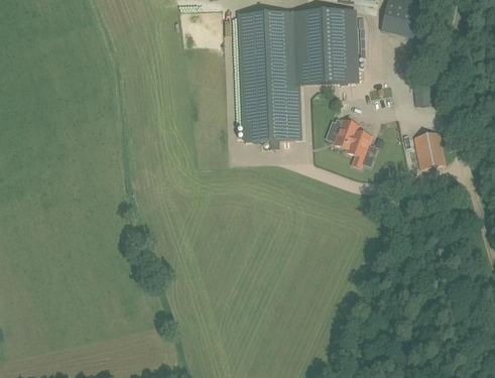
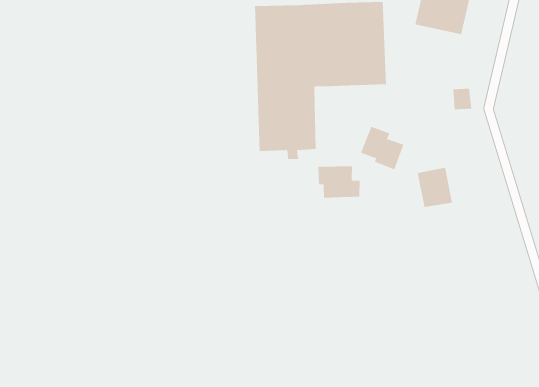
building: [413,131,445,166] -> [417,167,453,208]
building: none -> [318,166,360,199]

